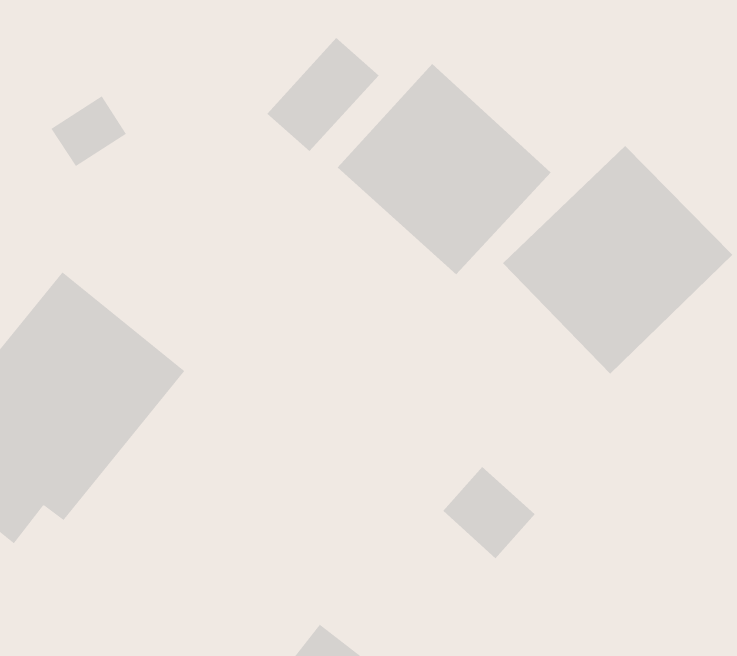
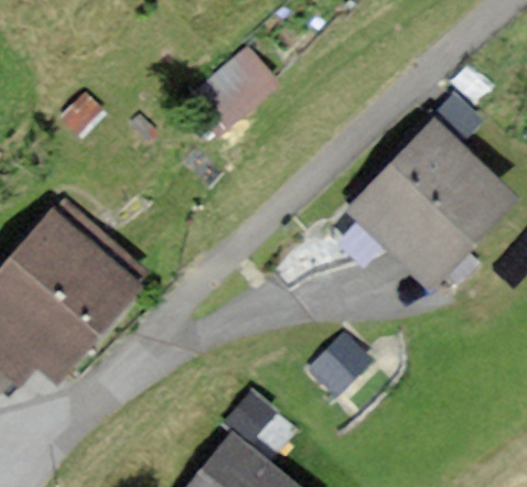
building: [337,63,551,275] -> none

